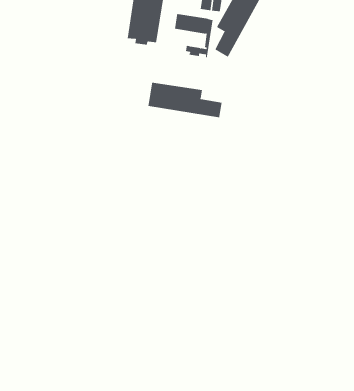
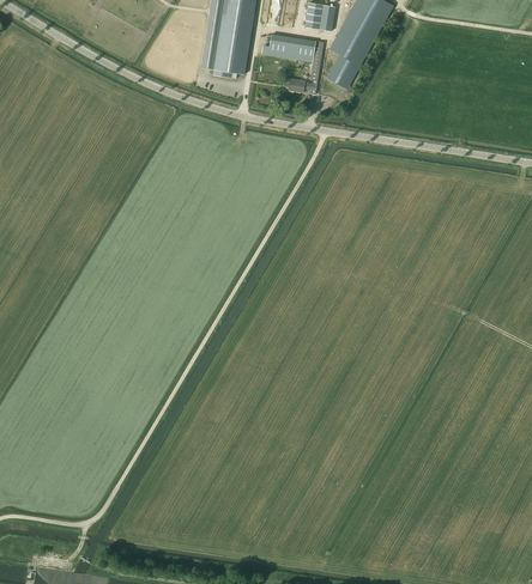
building: [148,82,222,118] -> none

